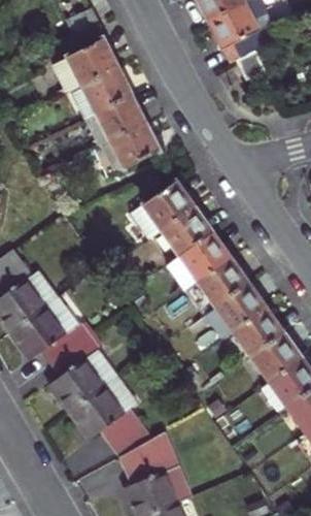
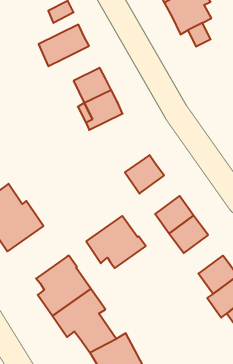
building: [84,72,131,117] -> none
building: [139,188,194,237] -> none
building: [181,236,232,285] -> none
building: [14,300,90,366] -> [86,216,146,268]
building: [237,312,286,360] -> none

